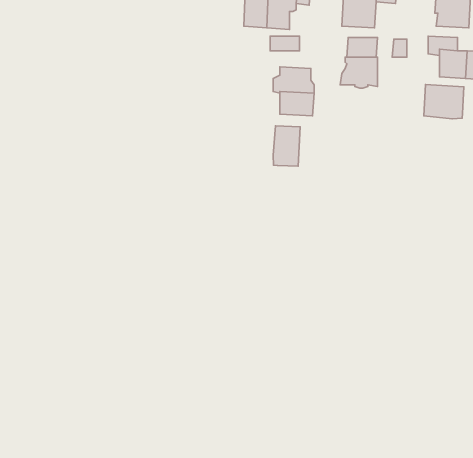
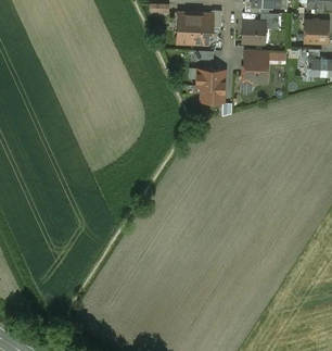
building: [424,85,464,119] -> none
building: [273,126,300,166] -> none

